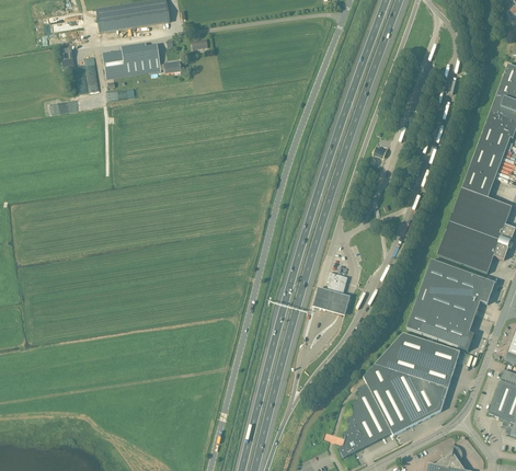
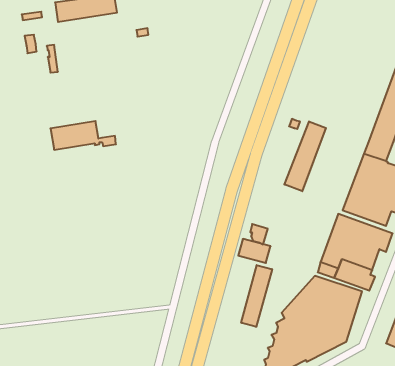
building: [102,44,180,78] -> [50,121,116,150]
building: none -> [284,121,326,191]
building: none -> [241,265,272,327]

